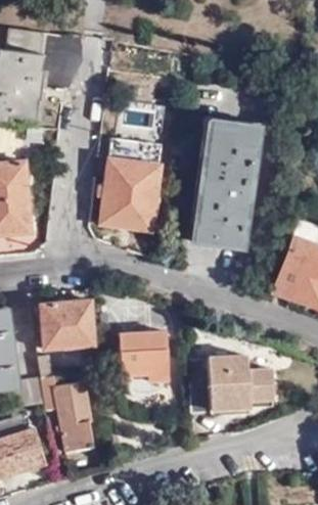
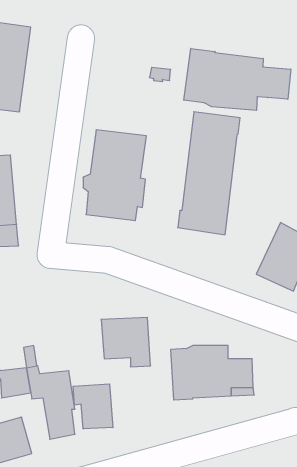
building: none -> [184,48,291,110]
building: [38,301,92,349] -> none
building: none -> [73,384,113,429]

